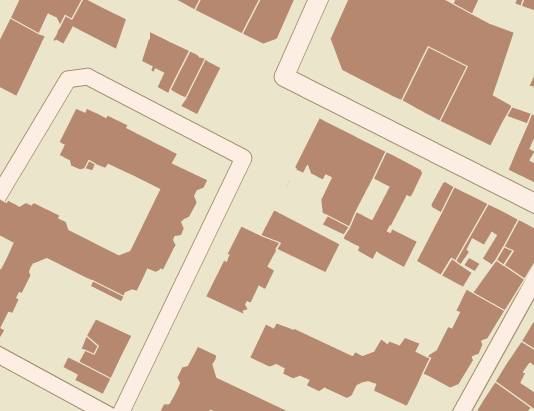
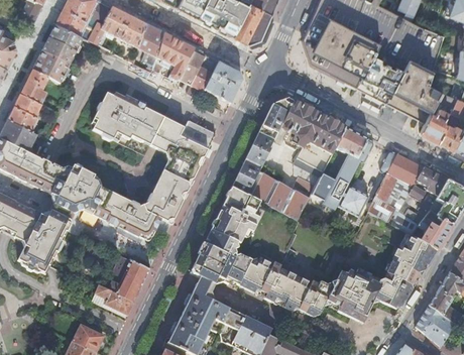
building: none -> [133,24,162,71]
building: none -> [203,62,241,103]
building: none -> [233,99,294,191]
building: none -> [421,107,448,140]
building: none -> [181,120,214,148]
building: none -> [190,238,252,284]

